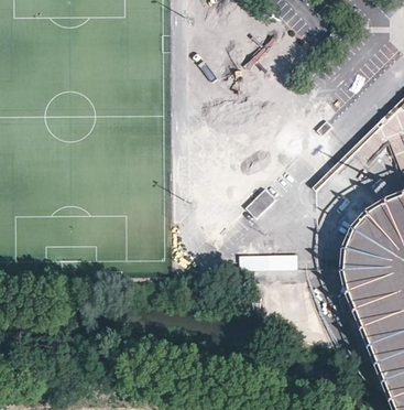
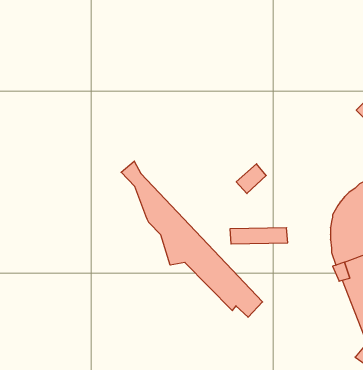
building: none -> [121,161,263,317]

